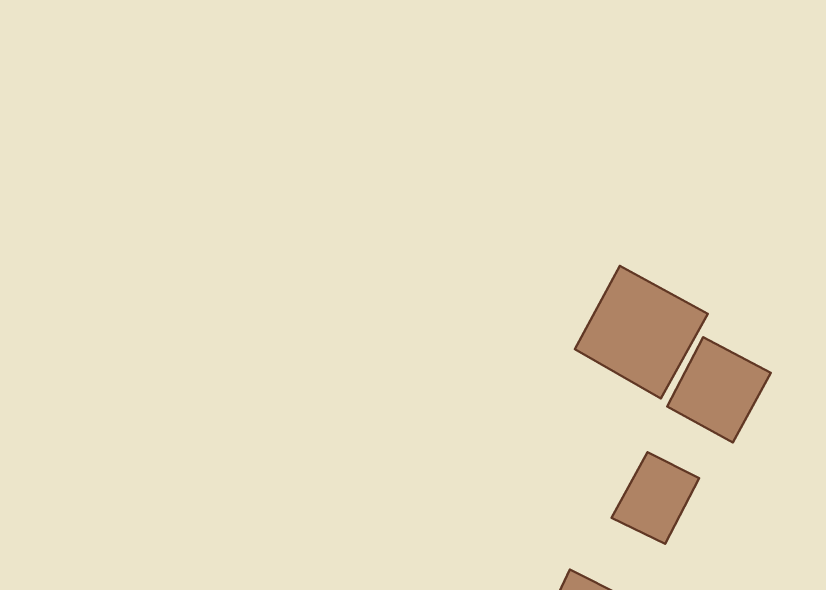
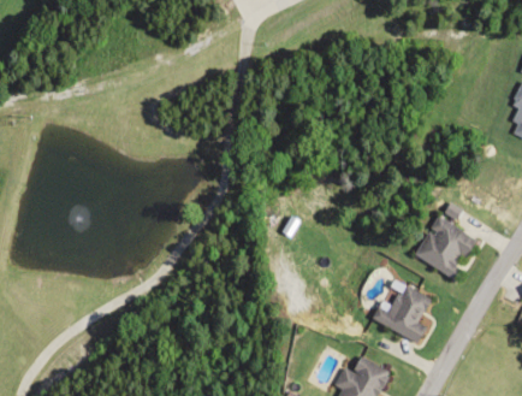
building: [575,266,708,398] -> none

